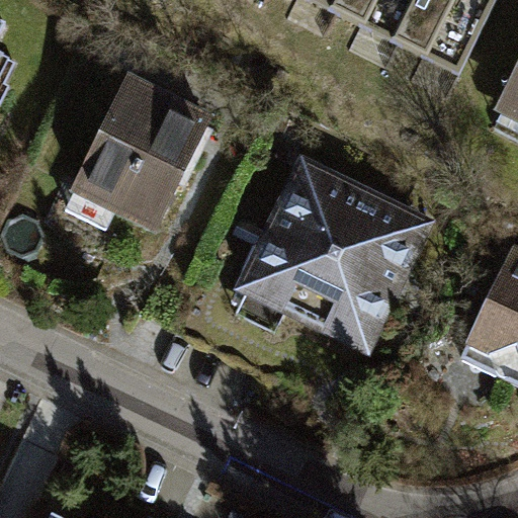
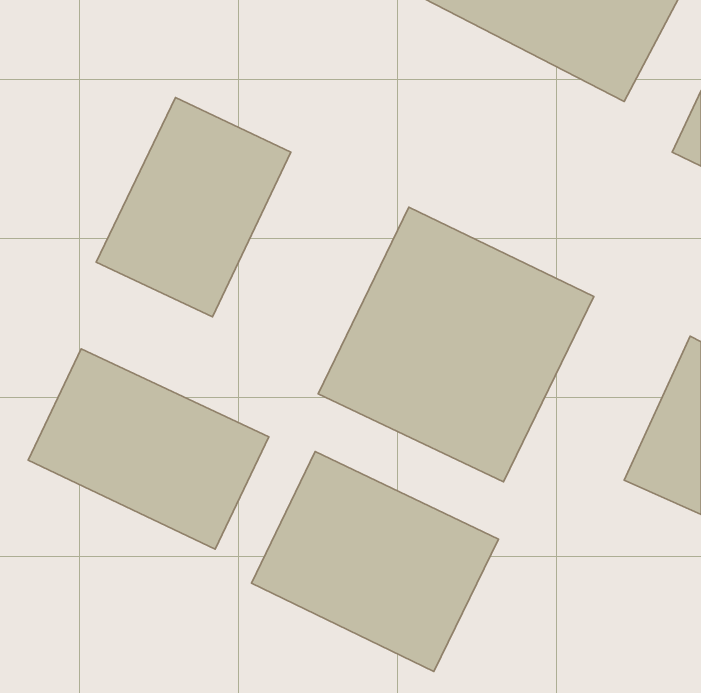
building: none -> [28,349,269,549]
building: none -> [251,452,499,672]

